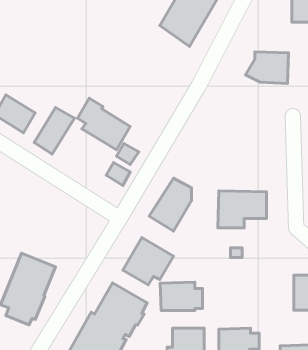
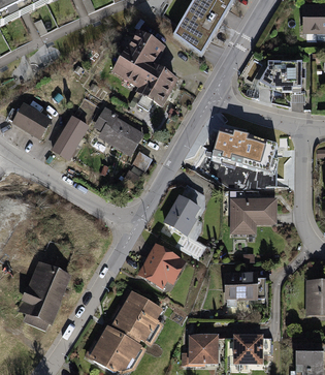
building: none -> [111,31,178,108]
building: none -> [210,128,275,173]
building: [160,282,202,311] -> [223,270,264,298]

